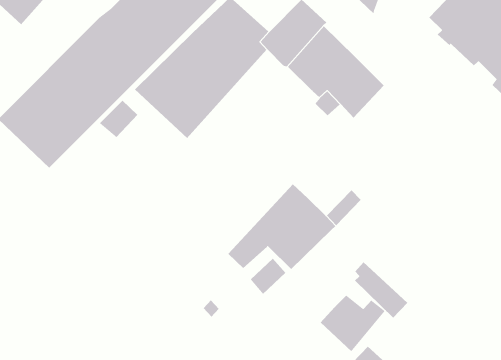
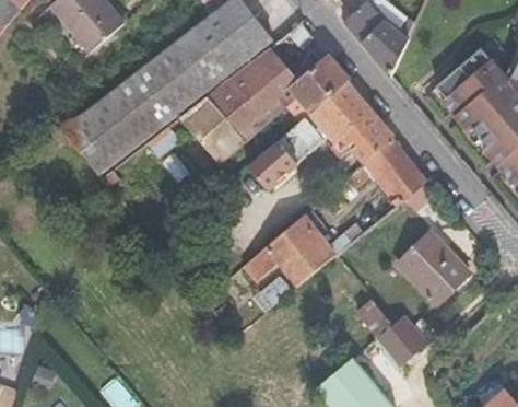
building: none -> [247,113,330,191]
building: none -> [363,138,426,206]
building: none -> [398,231,469,303]
building: [320,295,385,352] -> [377,316,434,365]

